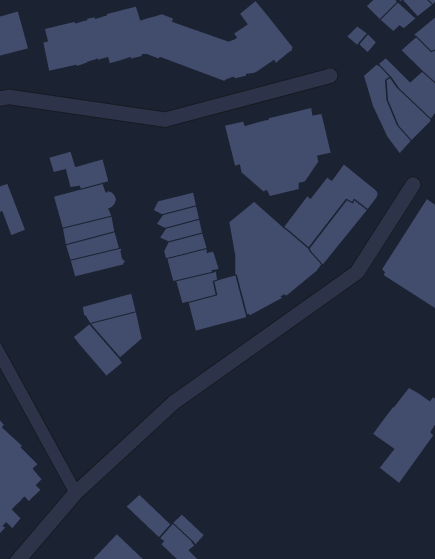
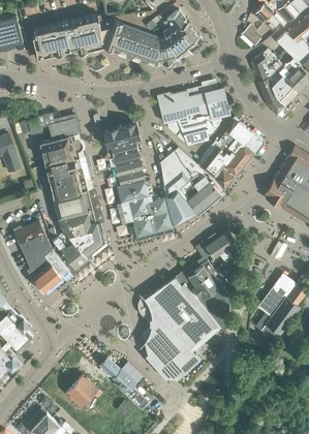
building: none -> [101,121,141,148]
building: none -> [54,190,93,219]
building: none -> [14,221,69,292]
building: none -> [137,230,238,379]

